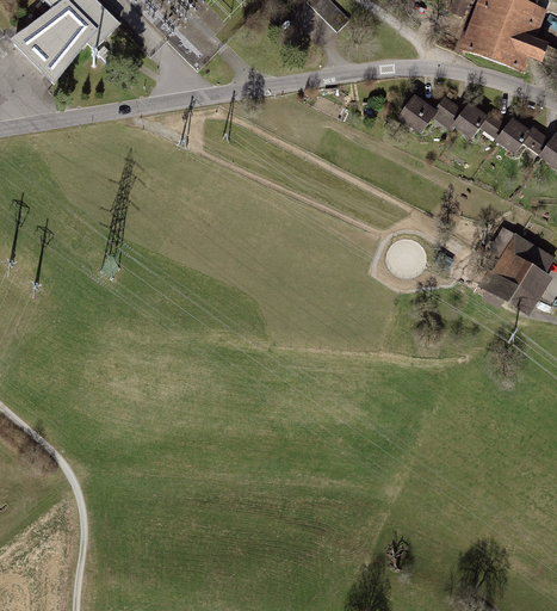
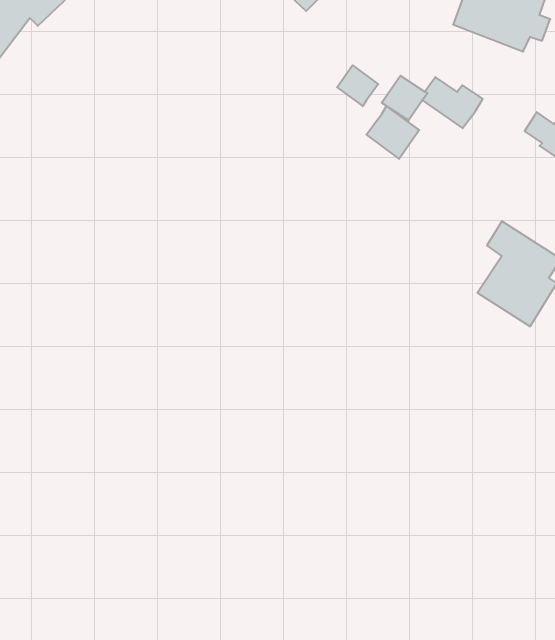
building: none -> [337,65,378,106]
building: [479,107,532,155] -> none
building: none -> [366,106,419,159]

